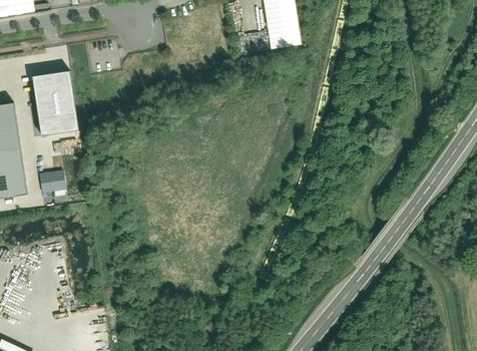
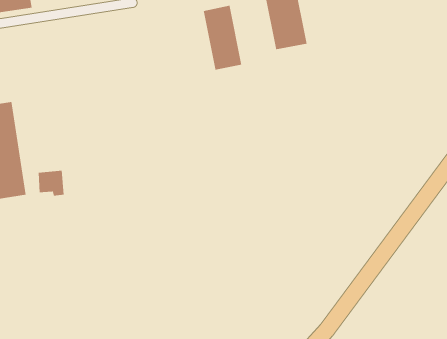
building: none -> [203,5,242,71]
building: [32,72,77,137] -> none

